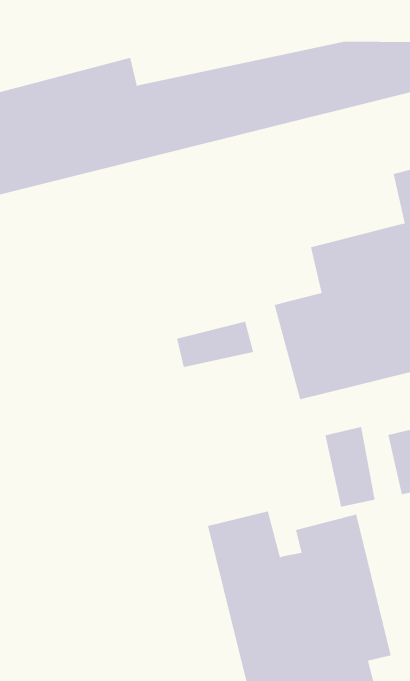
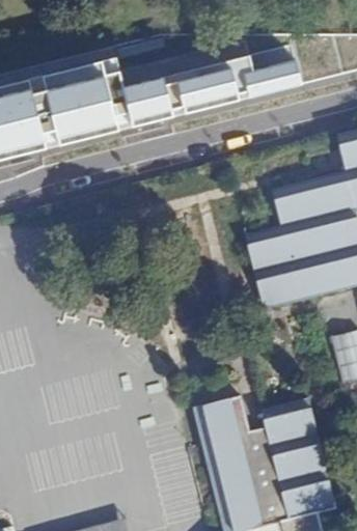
building: [176,321,254,368] -> none
building: [325,426,375,508] -> none

